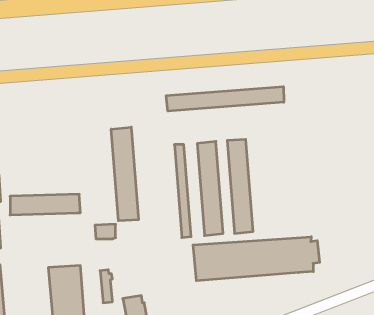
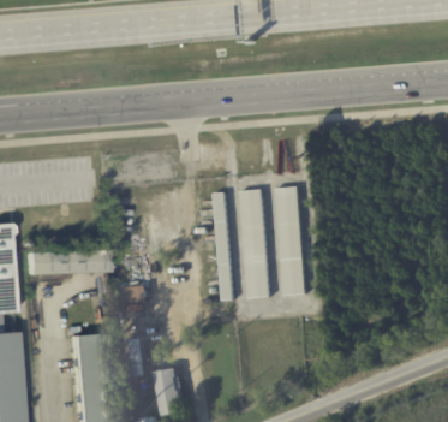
building: [166,87,284,111] -> none
building: [111,127,138,221] -> none
building: [193,237,320,281] -> none

